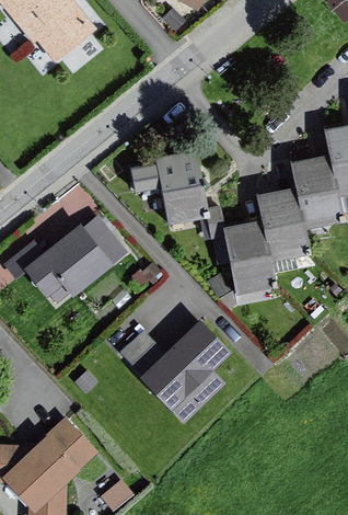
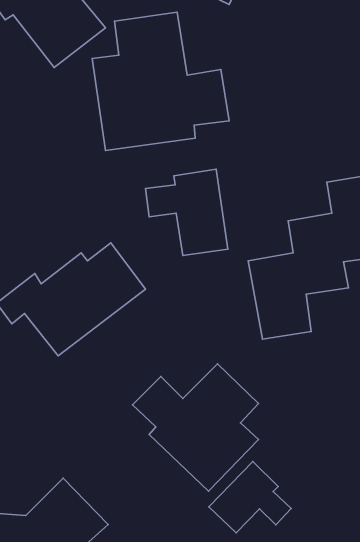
building: none -> [92,12,229,151]
building: none -> [209,461,291,533]

